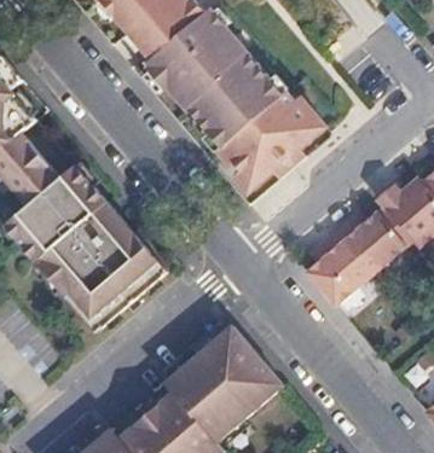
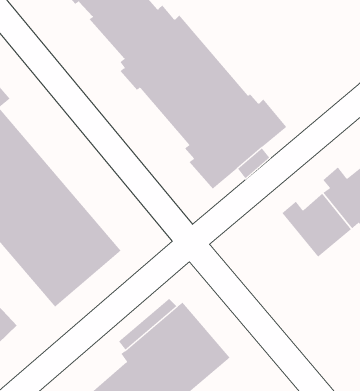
building: [305,231,375,309] -> none

